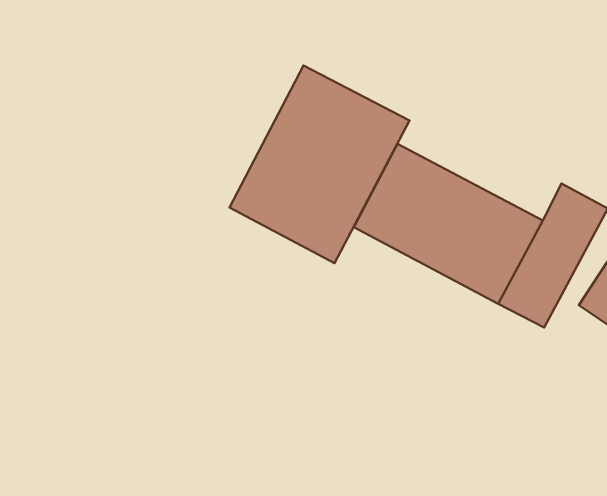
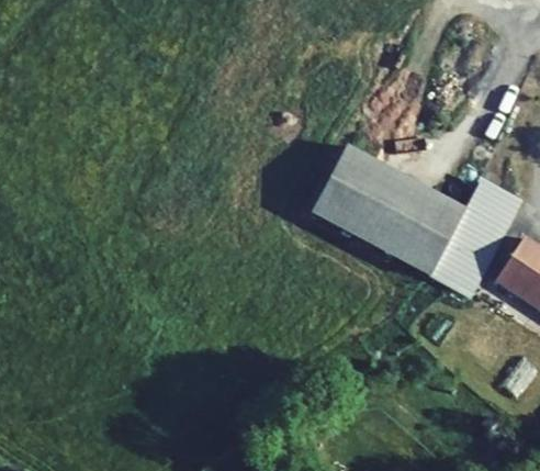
building: [229,66,410,263] -> none

